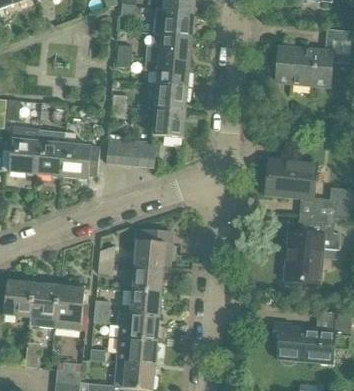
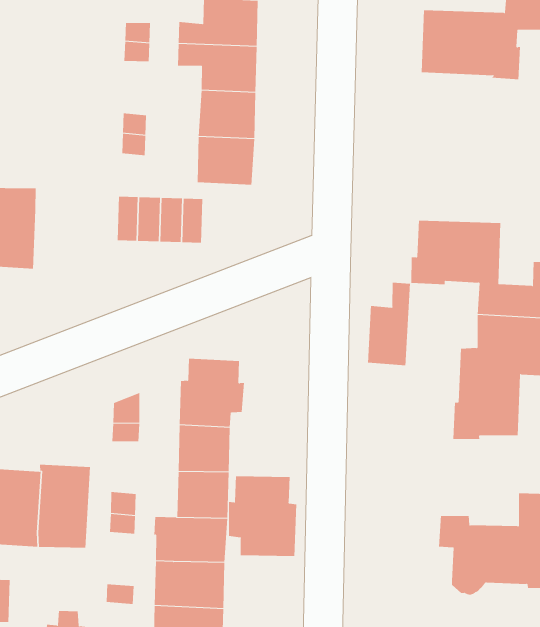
building: [61,132,99,178] -> none
building: none -> [367,282,411,366]
building: none -> [229,476,297,557]

